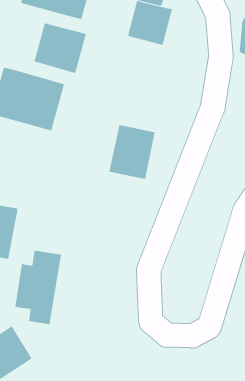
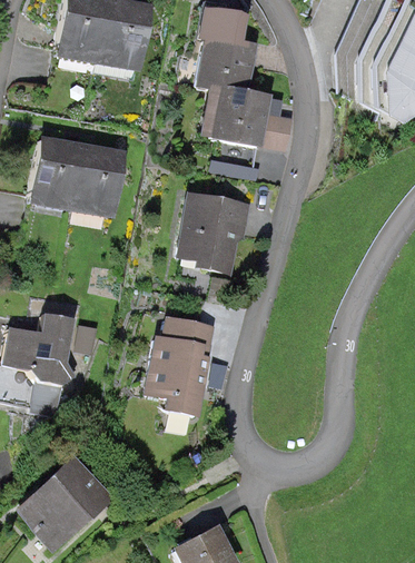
building: [34,23,86,74] -> none
building: none -> [208,85,266,141]
building: [15,250,62,325] -> [149,322,204,416]

